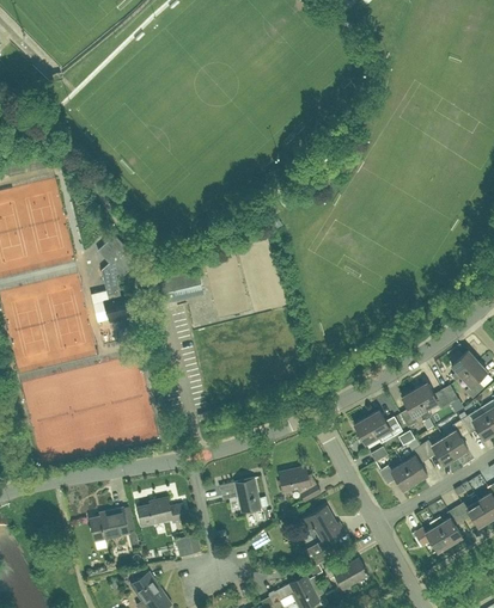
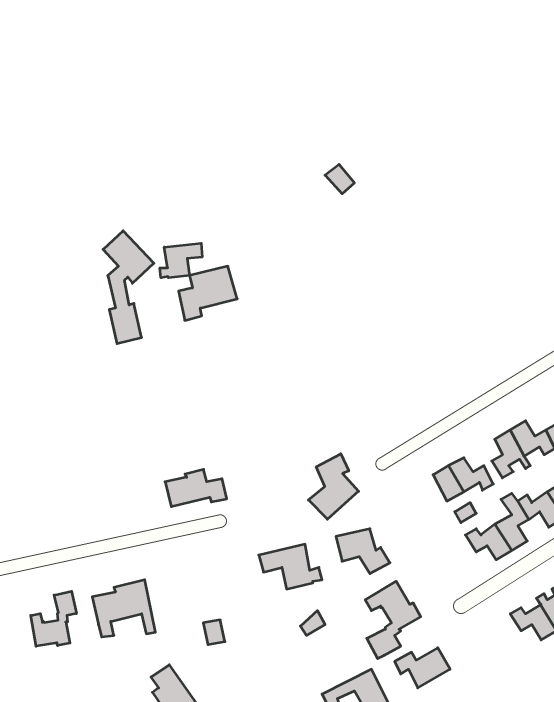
building: none -> [160,243,202,278]
building: none -> [308,454,359,519]
building: [138,497,185,526] -> [165,469,227,507]
building: none -> [31,591,76,646]

